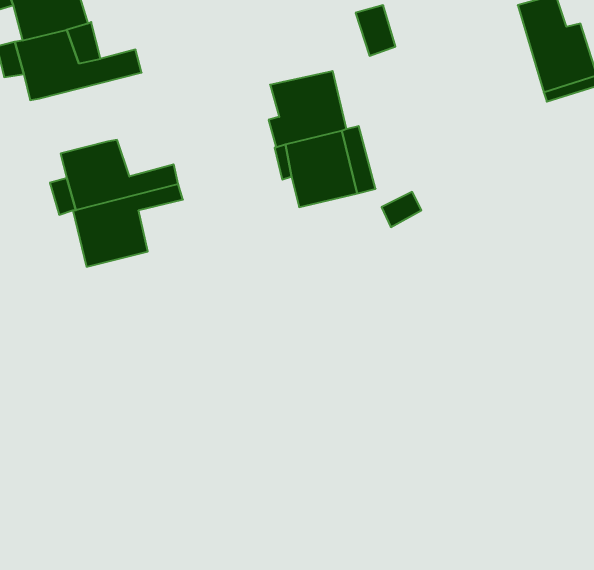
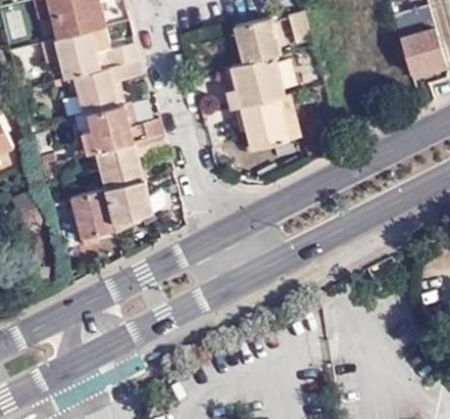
building: none -> [226,17,273,64]
building: none -> [72,58,145,112]
building: none -> [70,178,164,244]

